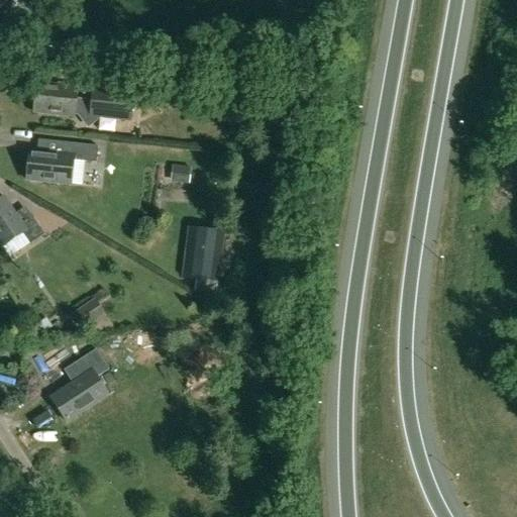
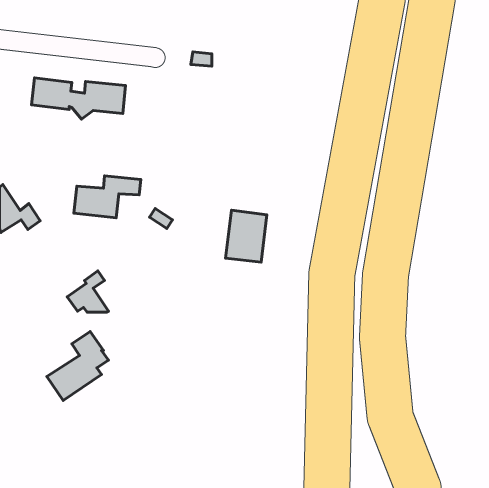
building: [25,139,96,184] -> [74,176,141,218]
building: [181,225,224,280] -> [226,210,267,262]

